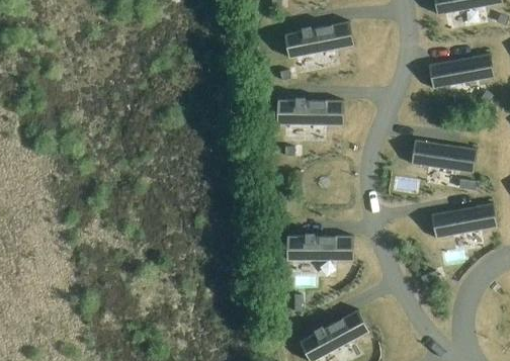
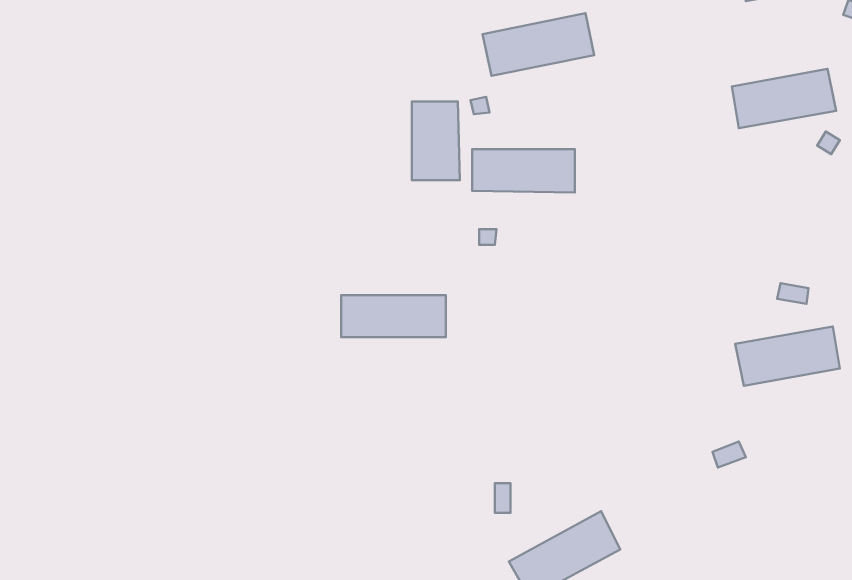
building: none -> [412,101,460,180]
building: [414,141,474,174] -> none
building: [289,237,350,261] -> [341,295,446,337]

